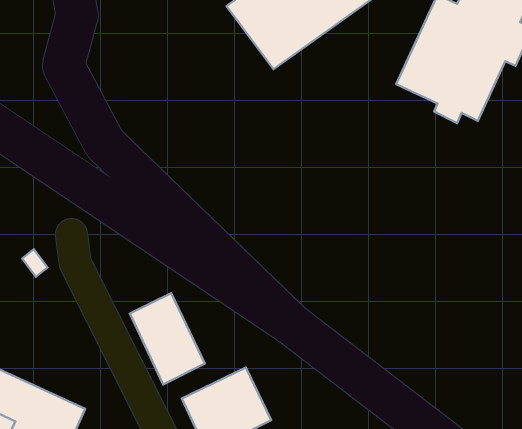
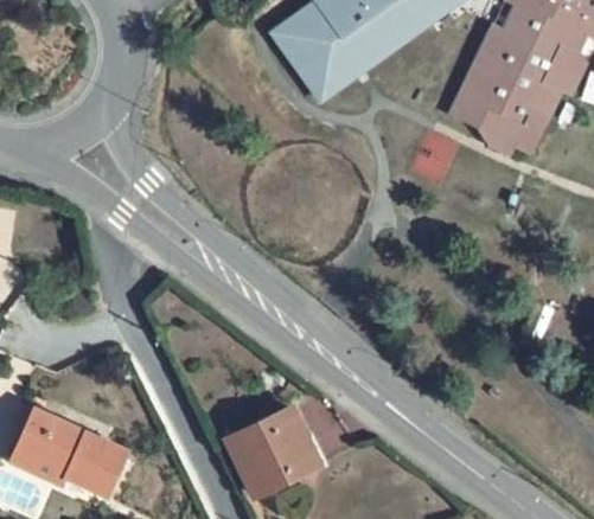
building: [130,293,205,384] -> none

